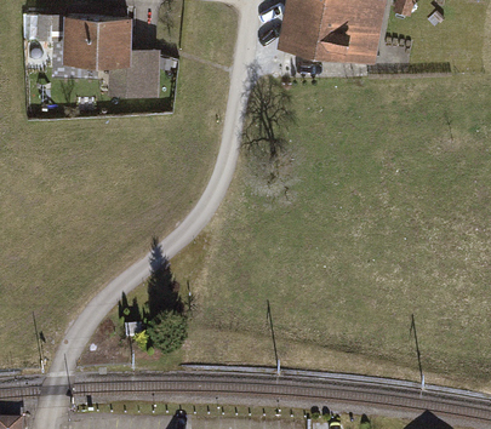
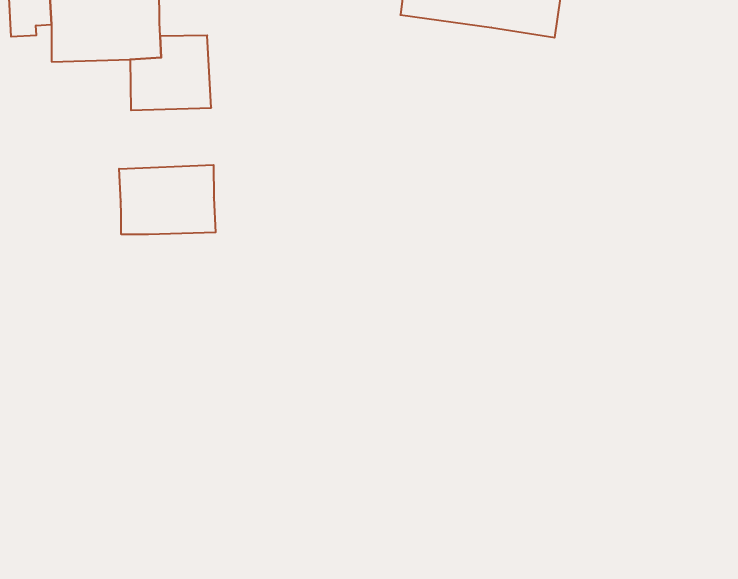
building: none -> [119,165,216,234]

